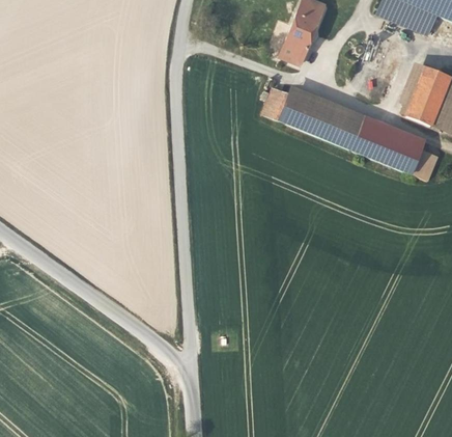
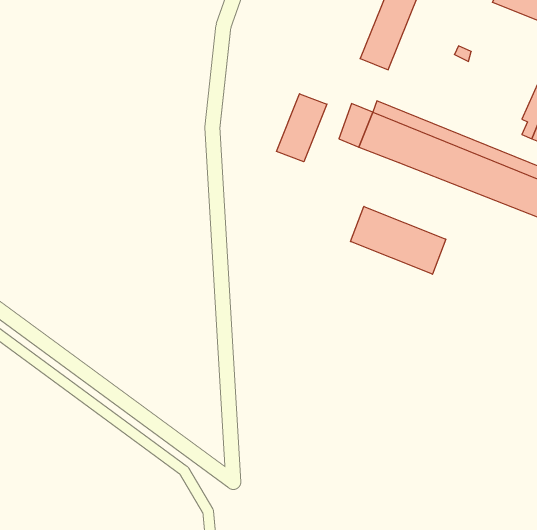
building: none -> [276,94,327,162]
building: none -> [351,206,446,274]

